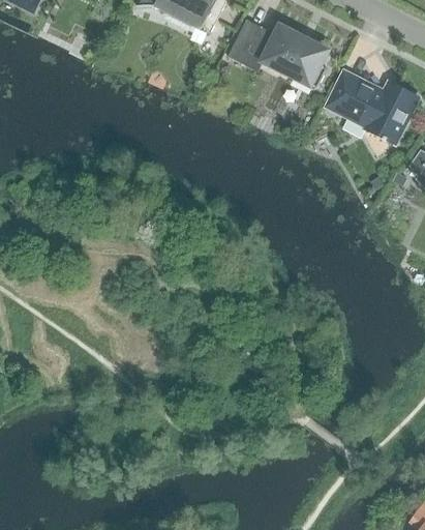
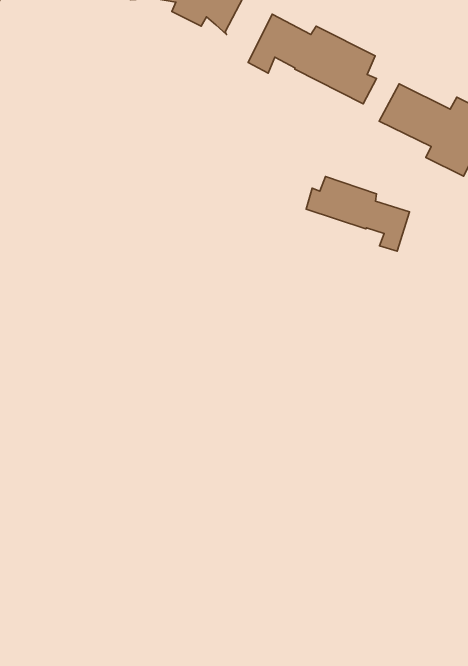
building: none -> [306,177,410,251]

